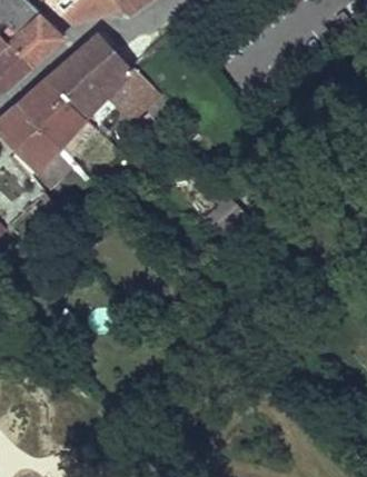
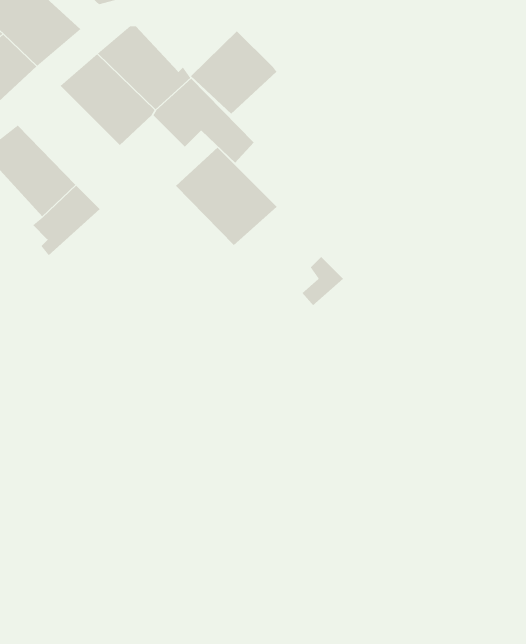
building: none -> [190,31,277,115]
building: [17,78,87,146] -> [175,147,277,246]

